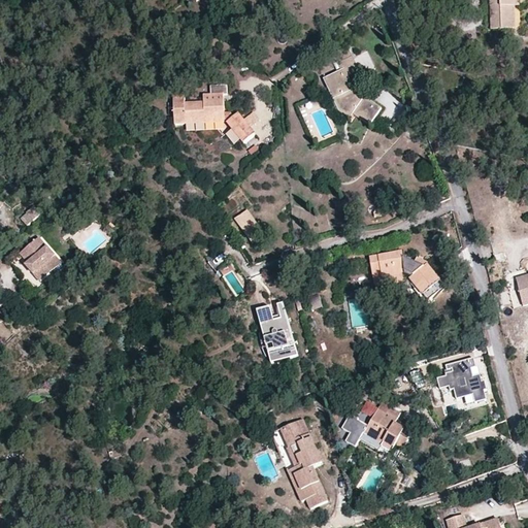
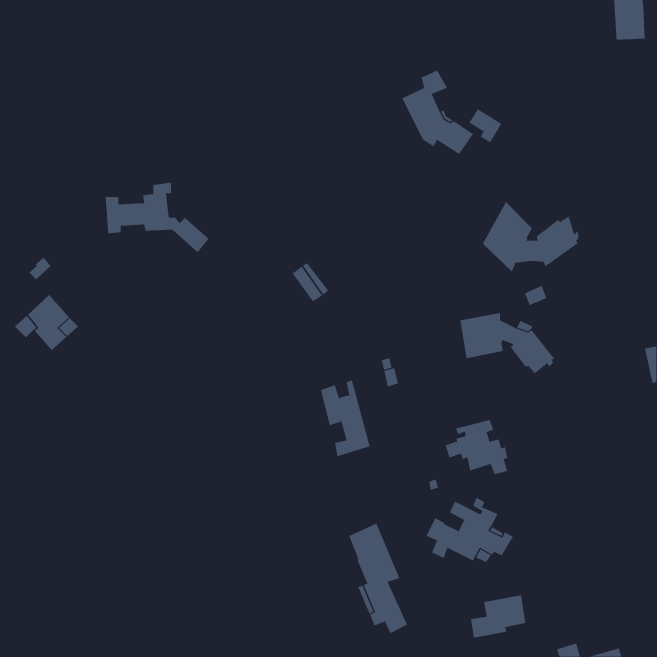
building: [171,84,255,140] -> [105,182,209,253]
building: none -> [482,201,579,272]
building: [435,357,486,401] -> [445,419,508,475]
building: none -> [470,594,526,639]

